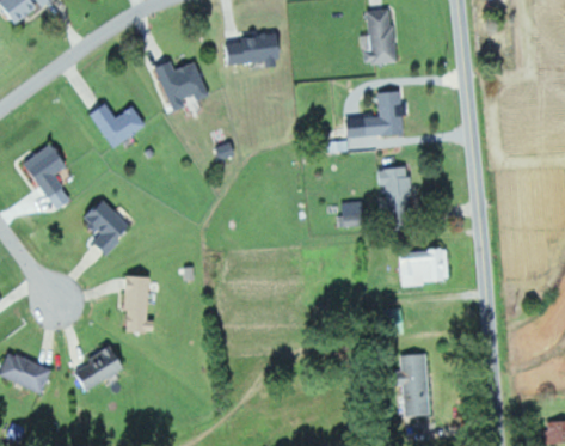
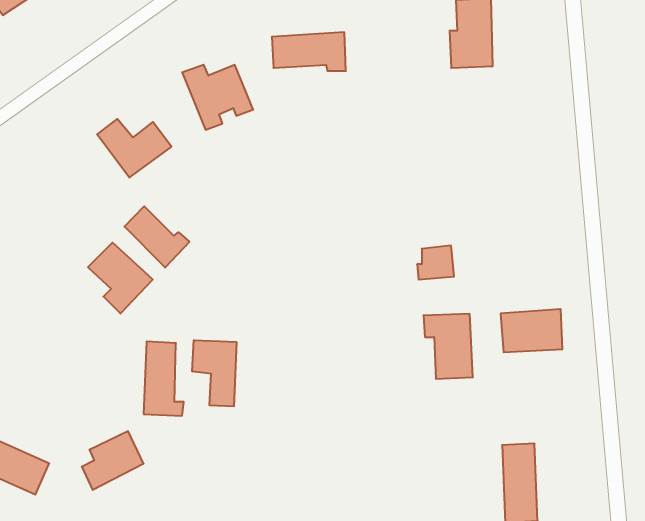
building: [346,91,404,138] -> none
building: [25,143,67,197] -> none
building: [375,167,413,218] -> [423,314,473,379]
building: none -> [124,206,189,268]
building: none -> [192,340,236,406]

